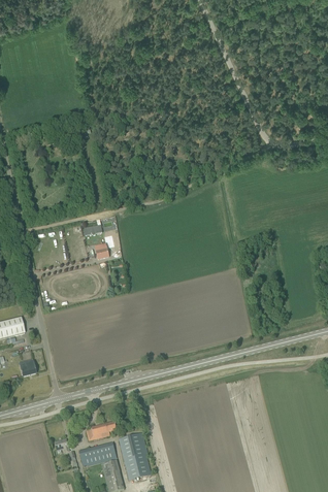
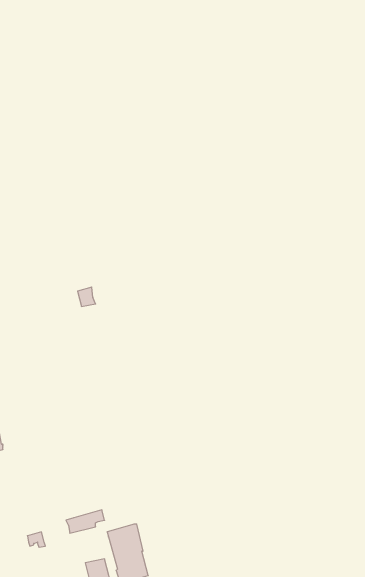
building: [78,442,116,466] -> none

